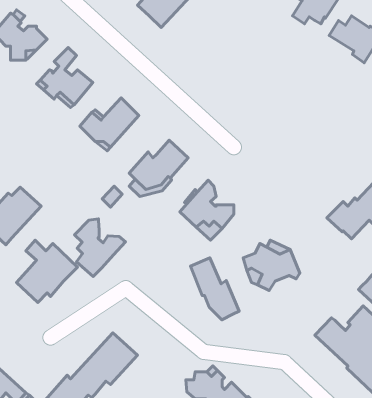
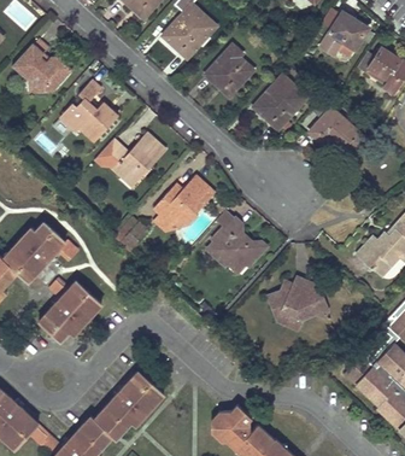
building: none -> [205,45,253,97]
building: none -> [253,76,306,129]
building: none -> [309,109,366,160]
building: [74,219,126,277] -> none
building: [190,258,239,320] -> none

